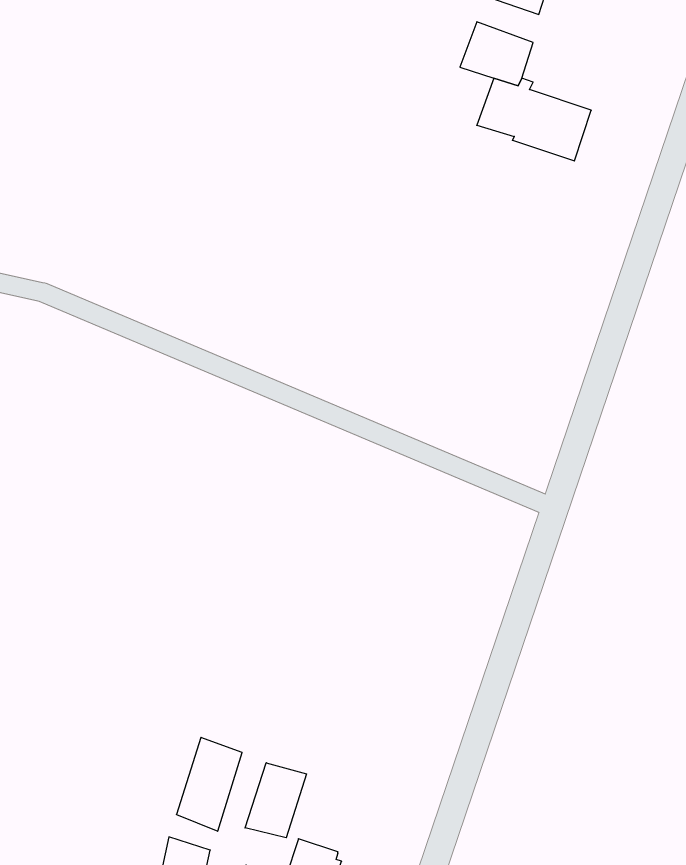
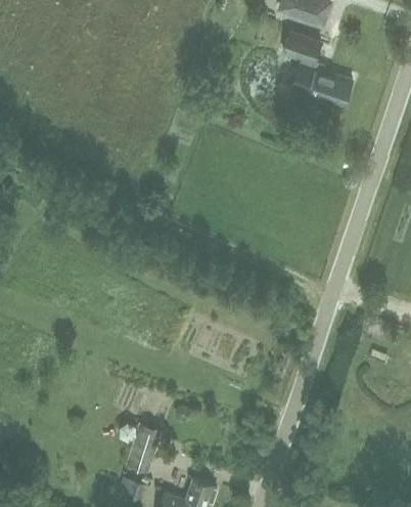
building: [245,763,306,838] -> none

